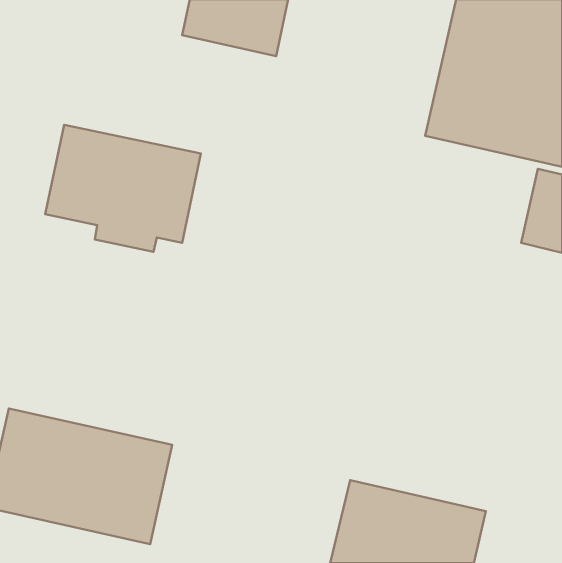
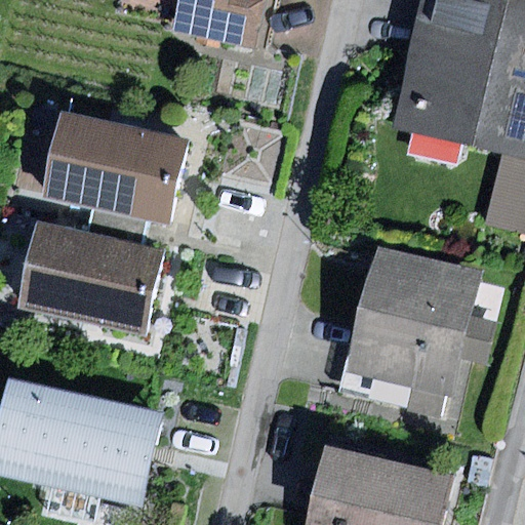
building: none -> [17,223,160,334]
building: none -> [346,243,495,395]

